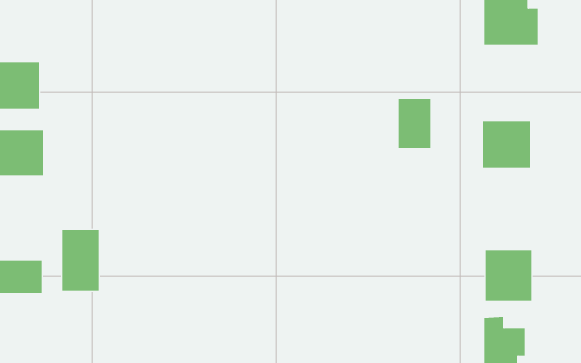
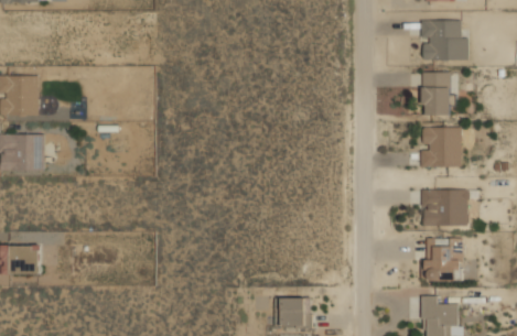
building: [398,99,431,148] -> [422,72,451,115]
building: none -> [421,189,468,226]
building: [62,229,99,292] -> none
building: none -> [277,296,312,327]

